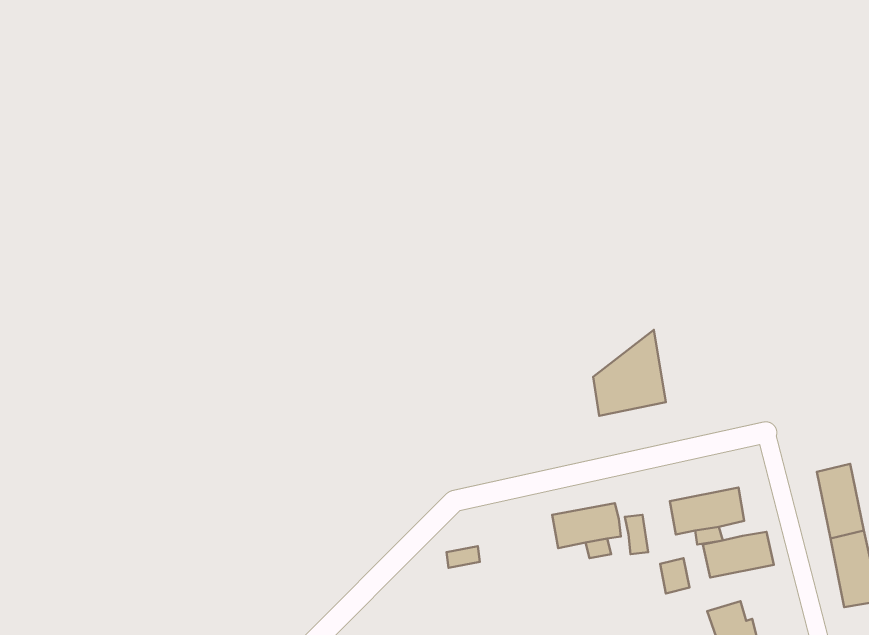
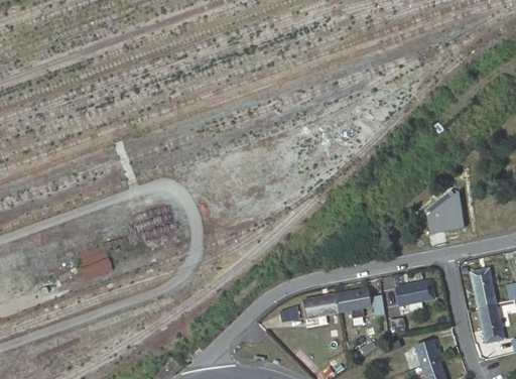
building: [593,330,666,416] -> [427,191,465,235]
building: none -> [303,295,339,318]
building: [703,532,774,578] -> none

